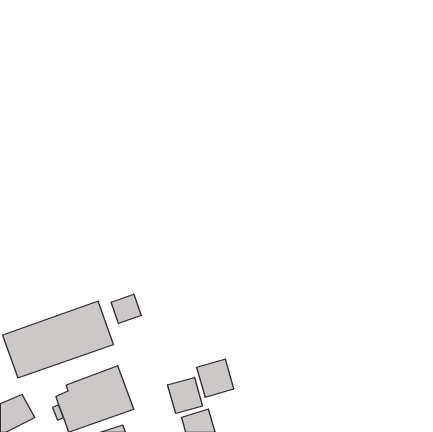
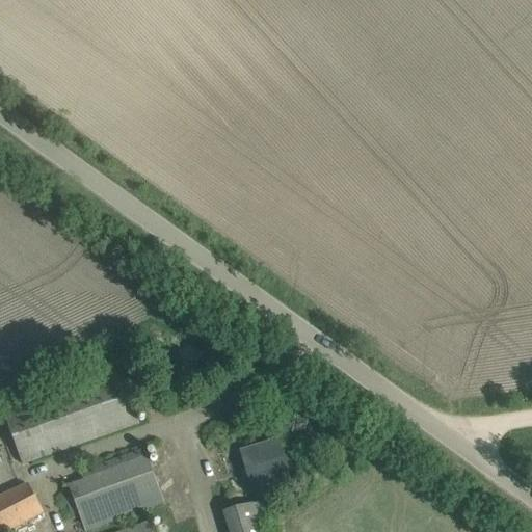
building: [111,294,141,324] -> none
building: [168,377,203,413] -> none

